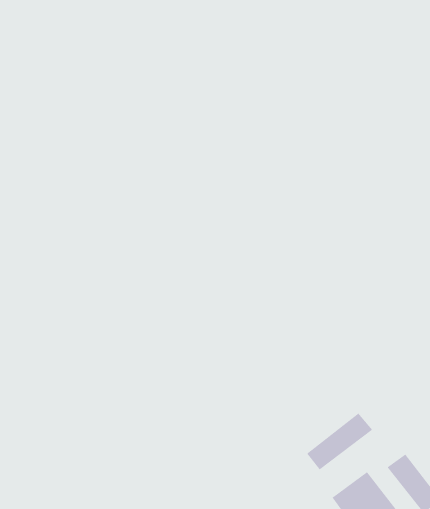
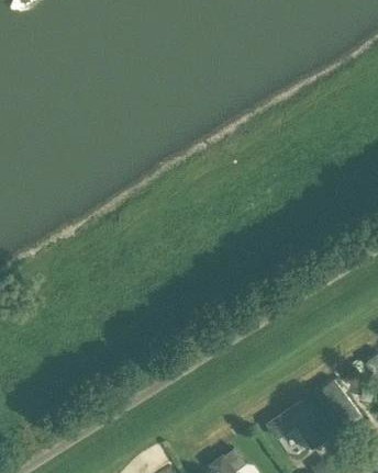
building: [306,413,373,471] -> none

